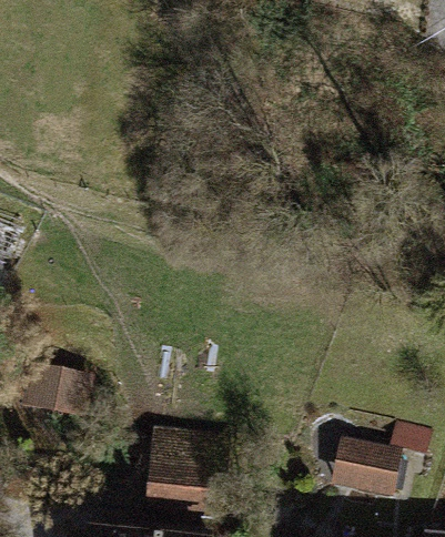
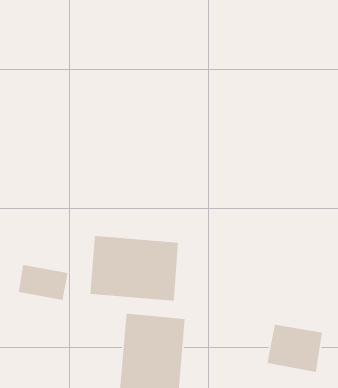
building: none -> [90,235,179,302]

